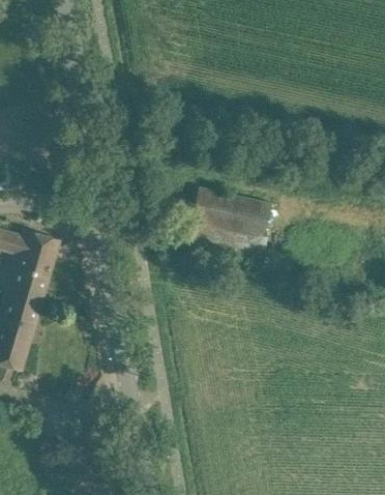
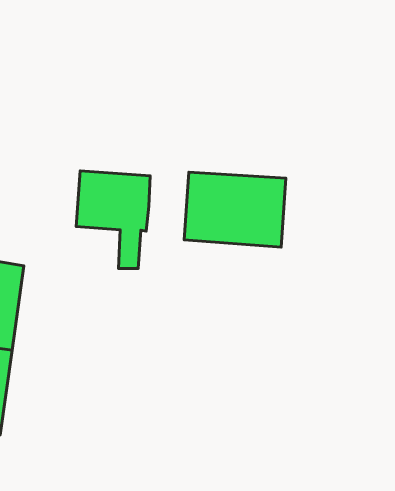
building: none -> [76,171,150,269]

